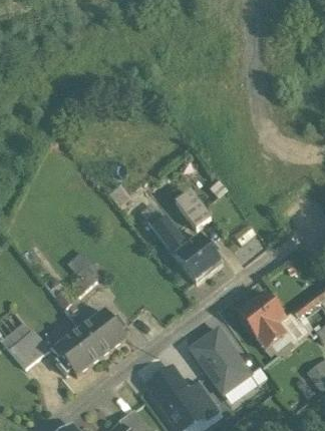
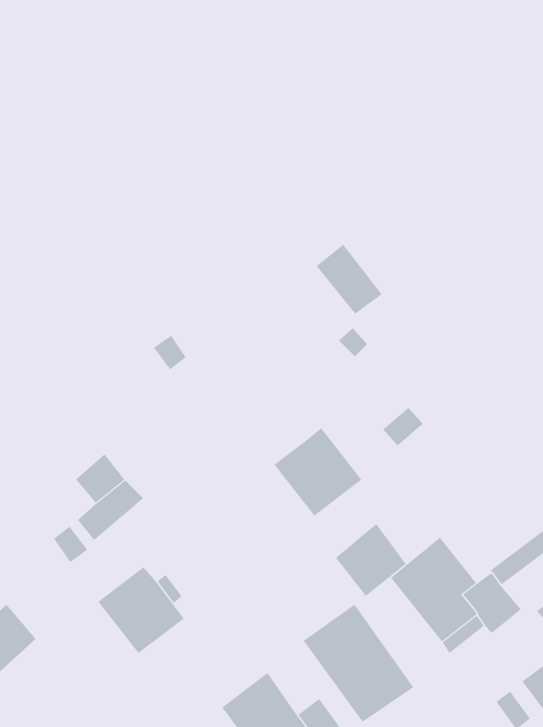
building: [175,189,211,228] -> [316,244,382,314]
building: [152,214,189,254] -> none
building: none -> [335,523,407,597]
building: [53,328,101,376] -> none

